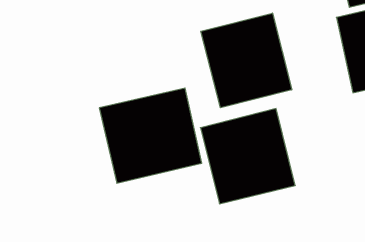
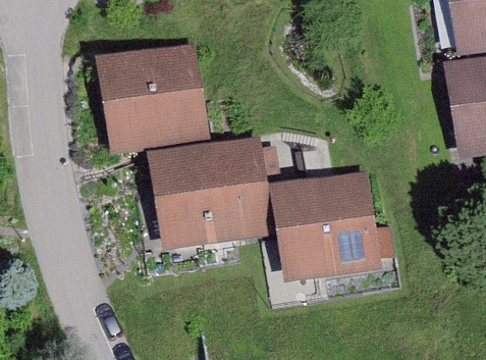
building: none -> [98,43,210,148]
building: [201,13,292,108] -> none

